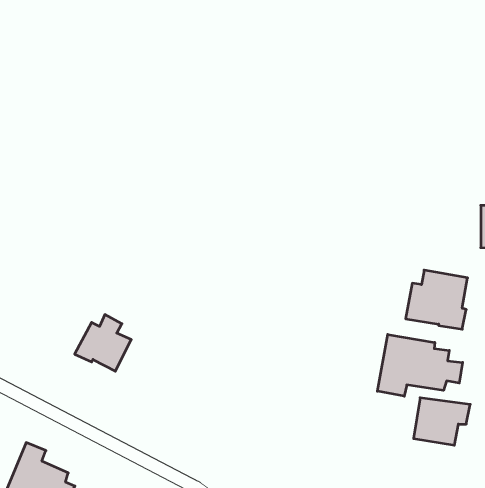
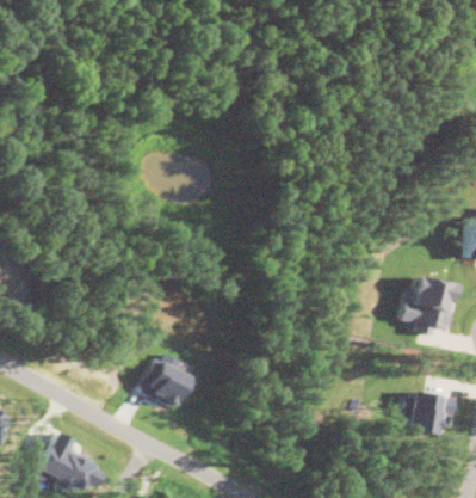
building: [75,315,131,371] -> [138,355,190,406]
building: [377,334,463,396] -> none

